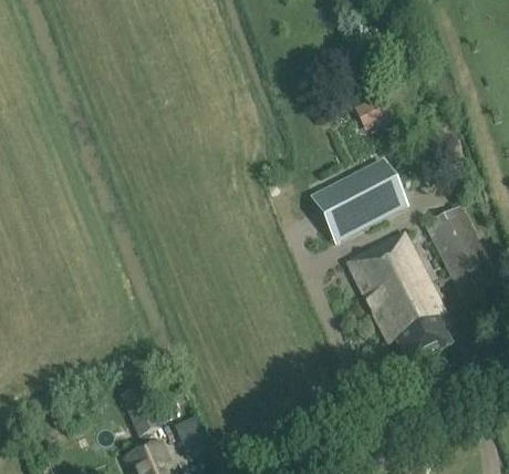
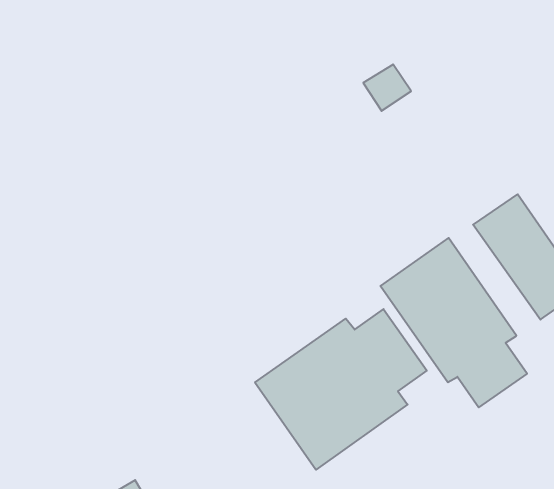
building: [319,163,402,236] -> none
building: none -> [255,309,427,470]

